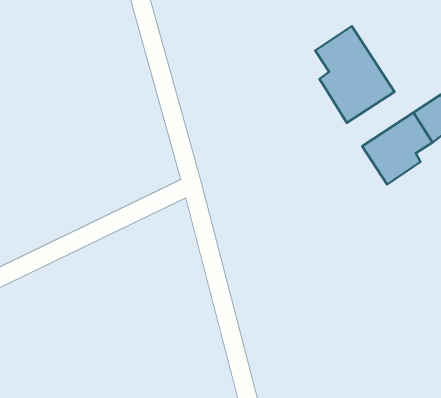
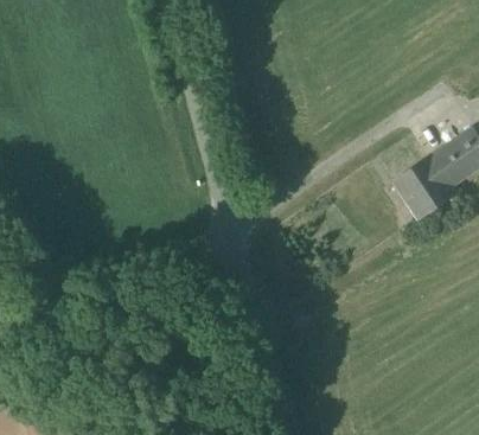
building: [315,26,394,123] -> none

